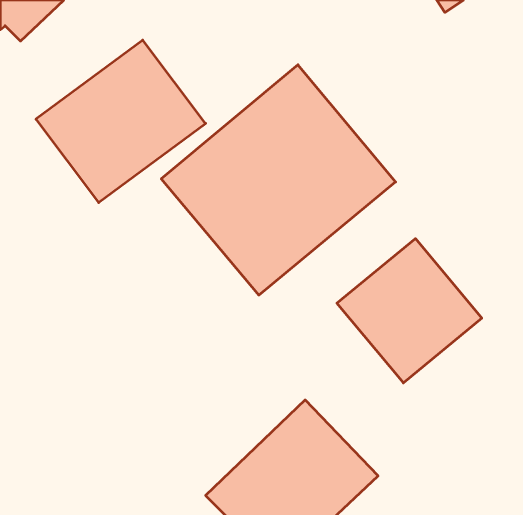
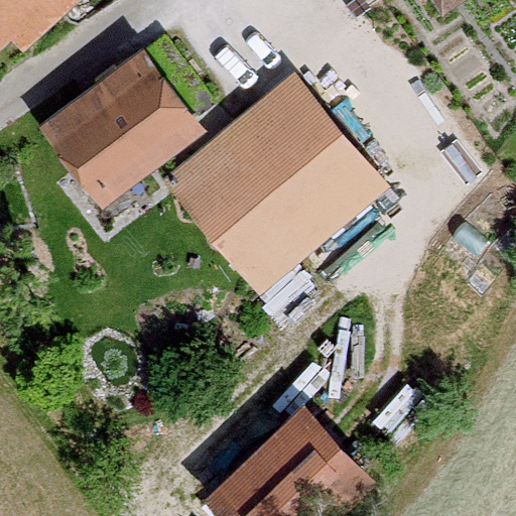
building: [337,239,482,383] -> none

